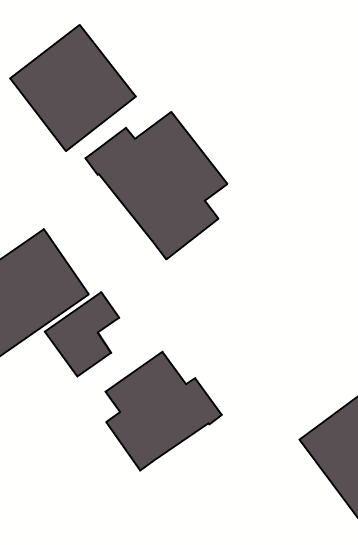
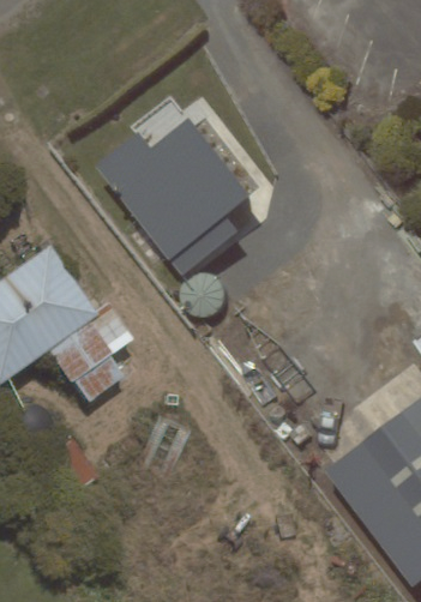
building: [10,25,136,151] -> none
building: [105,352,222,471] -> none

